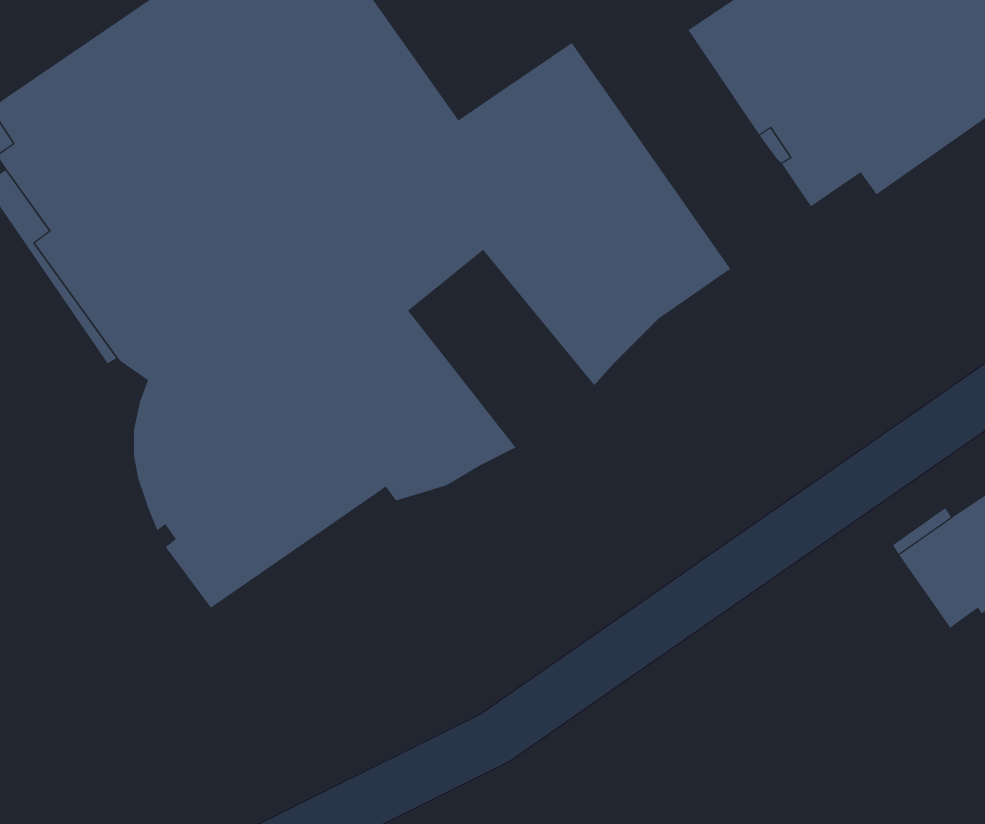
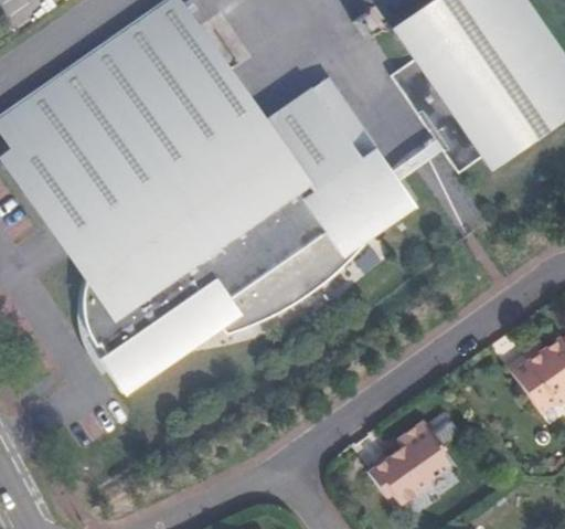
building: none -> [238,193,341,303]
building: none -> [366,410,447,496]

